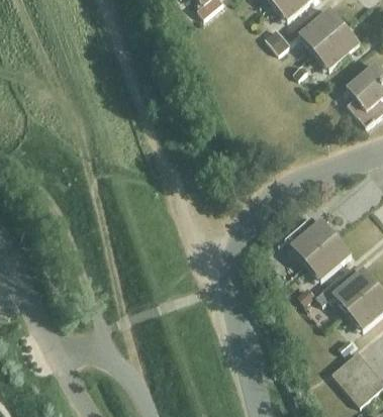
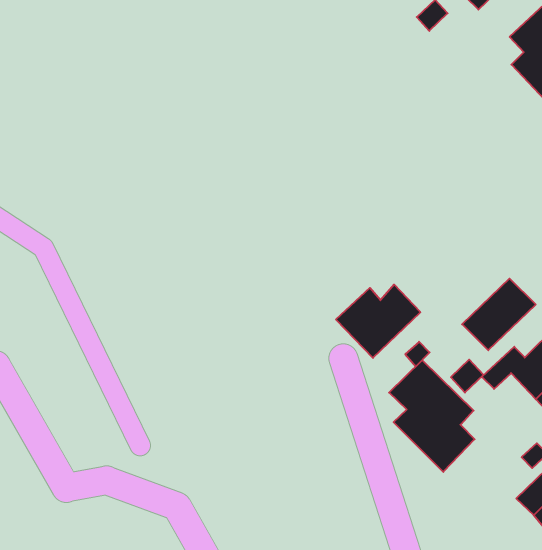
building: [284,218,337,263] -> [336,285,420,358]
building: none -> [389,360,475,472]

